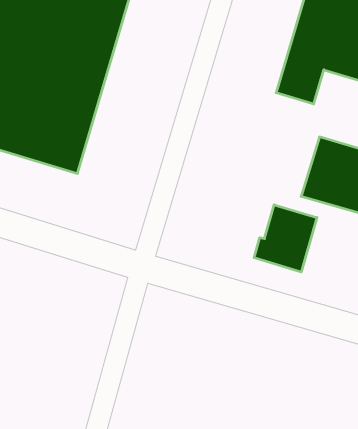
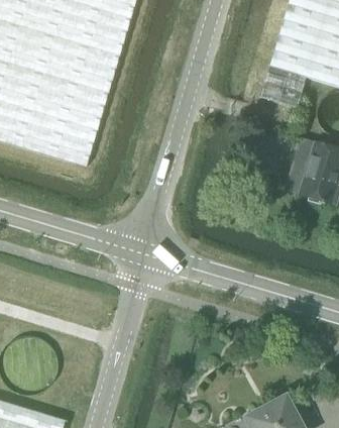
building: [254,205,317,272] -> none

